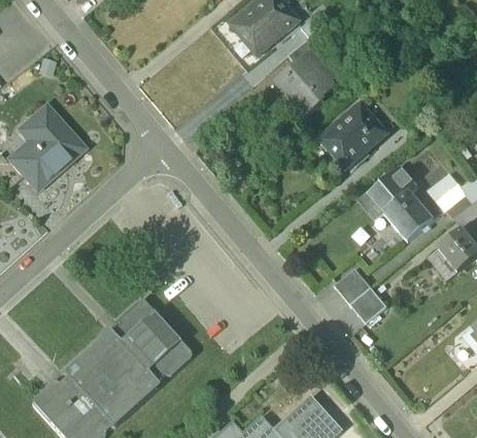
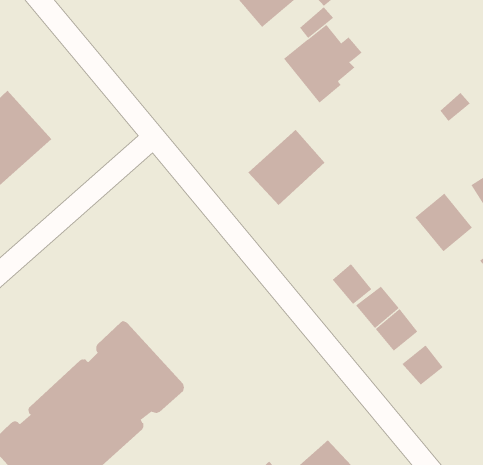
building: [320,102,385,166] -> [247,129,326,206]
building: [367,164,416,211] -> none
building: none -> [332,263,372,305]
building: none -> [401,345,443,386]

